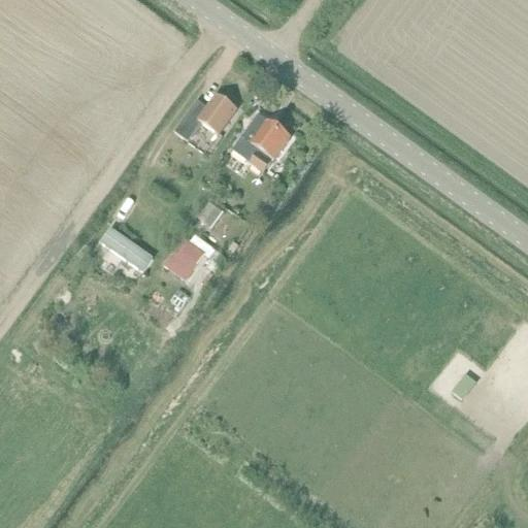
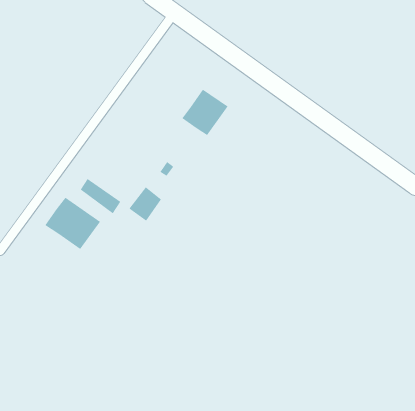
building: [174,94,236,141] -> none
building: none -> [45,197,101,250]

